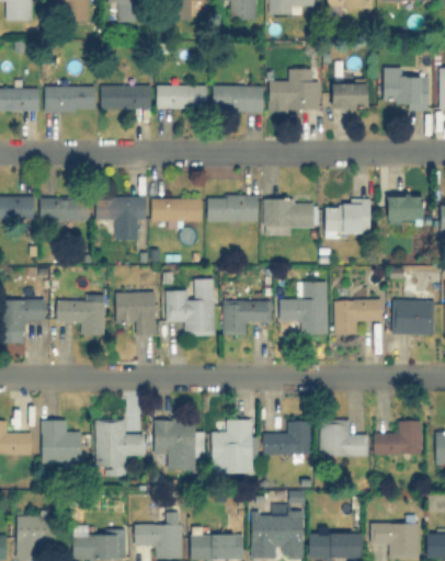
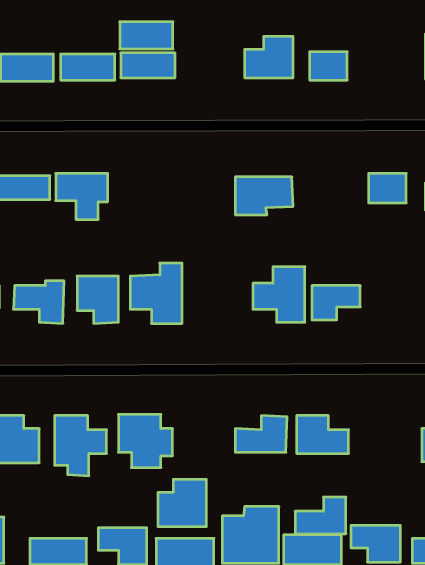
building: [384,68,427,110] -> none
building: [213,85,262,111] -> [120,22,173,49]
building: [207,195,256,221] -> none
building: [151,198,202,225] -> none
building: [326,199,370,236] -> none
building: [392,298,433,334] -> none
building: [224,300,272,335] -> none
building: [212,420,256,463] -> [158,479,206,527]
building: [374,421,421,455] -> [295,497,346,534]

